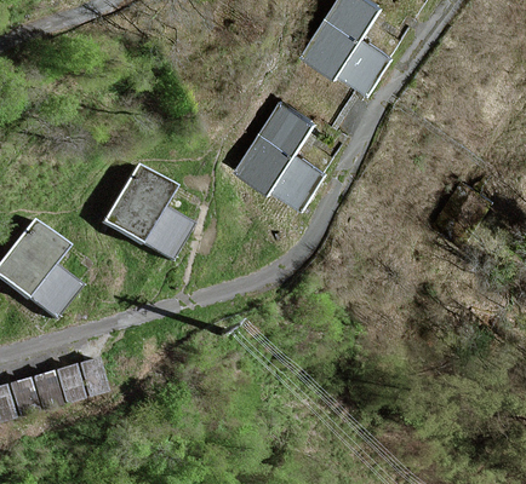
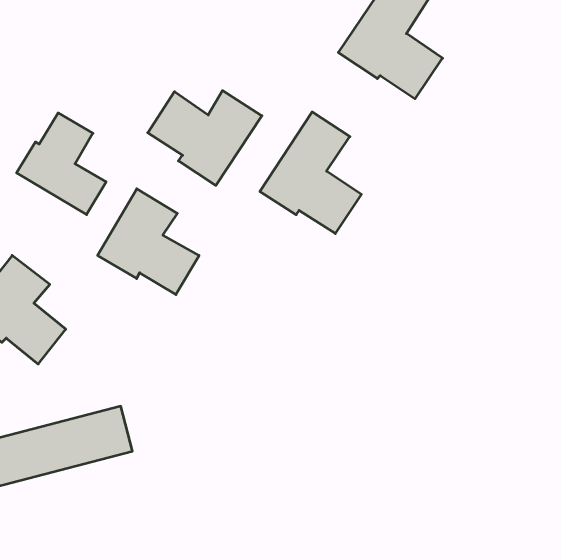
building: none -> [148,91,262,185]
building: none -> [17,113,106,215]

